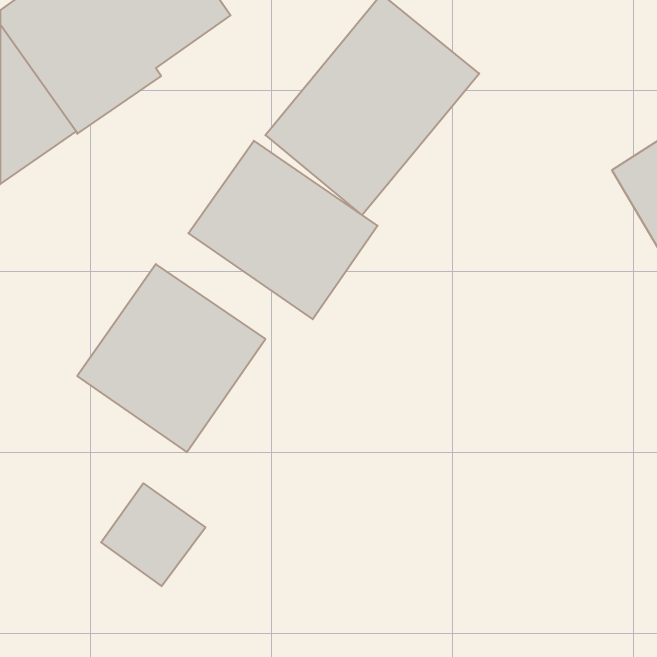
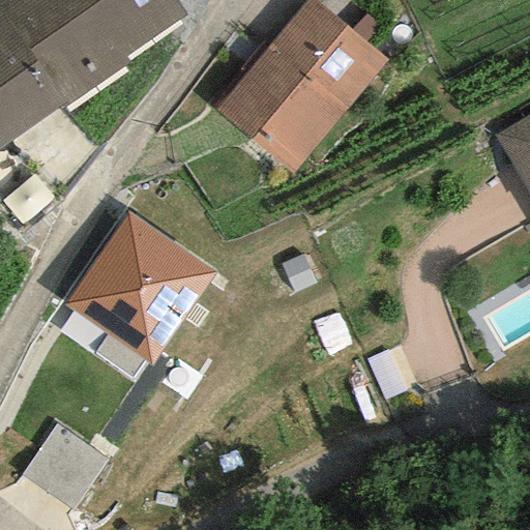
building: [188,141,378,319] -> none
building: [101,483,205,586] -> [23,429,107,511]

